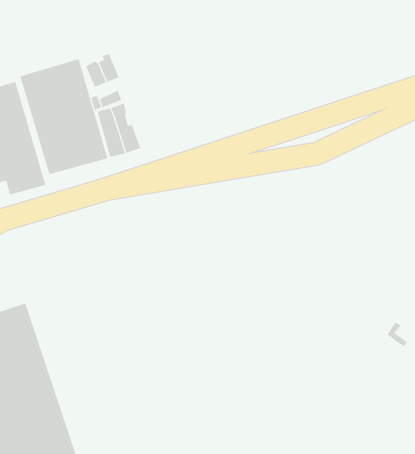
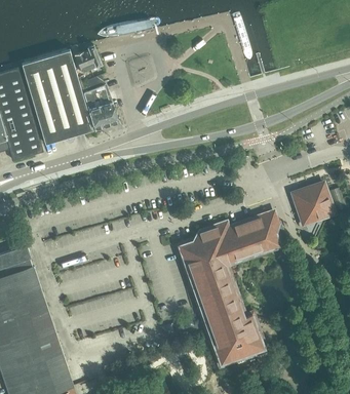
building: none -> [291,183,334,225]
building: none -> [179,214,285,363]

